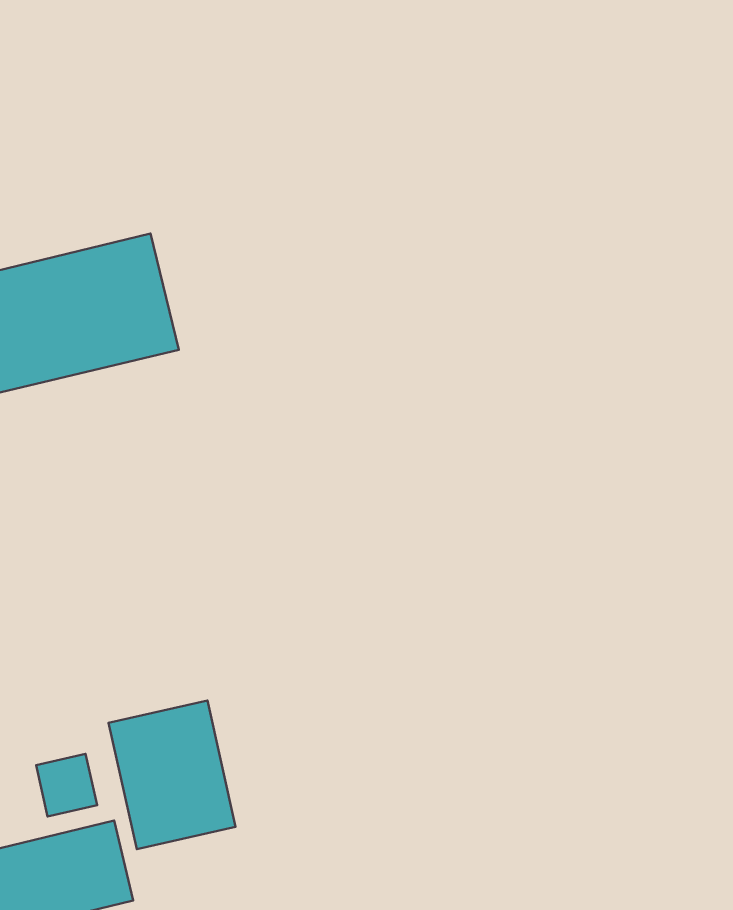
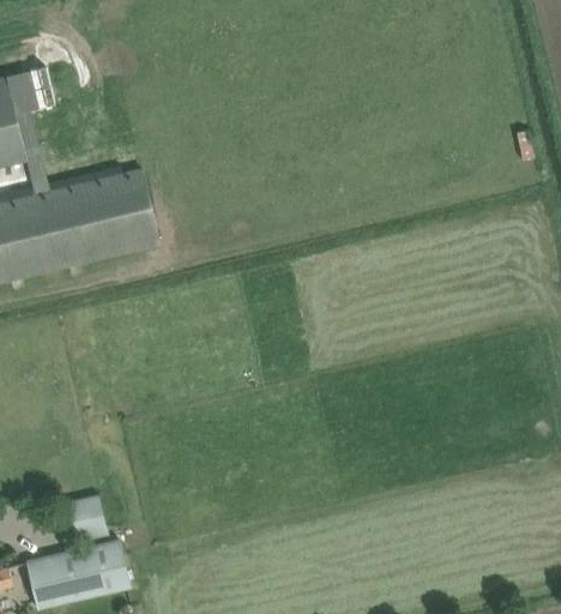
building: [109,701,236,849] -> none

